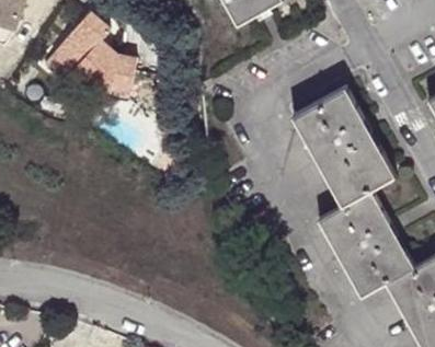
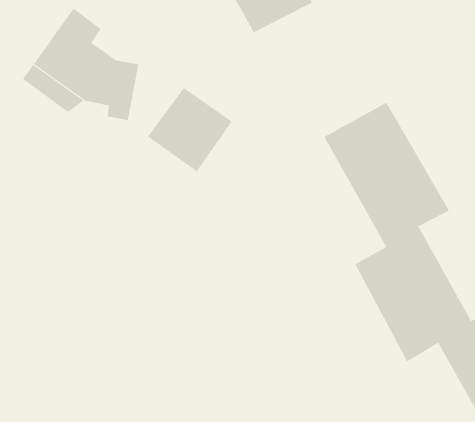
building: none -> [147,87,232,172]

